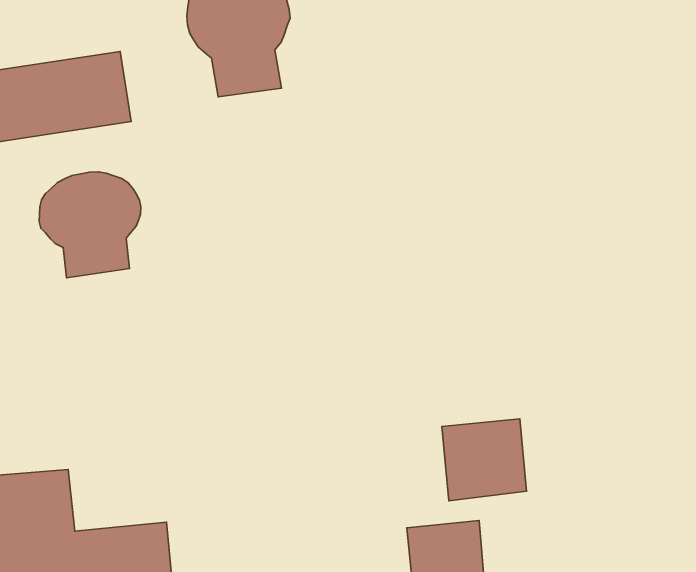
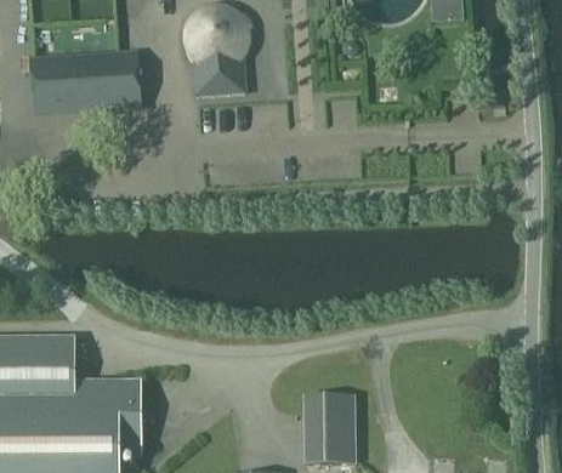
building: [39,172,141,278] -> none
building: [442,419,527,501] -> none

